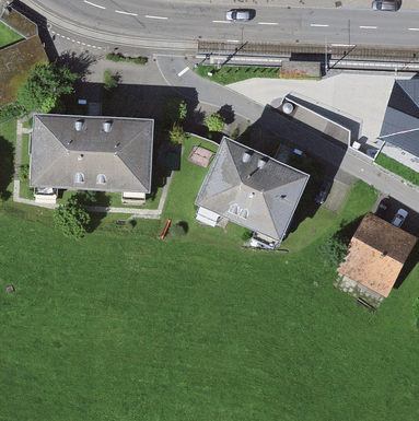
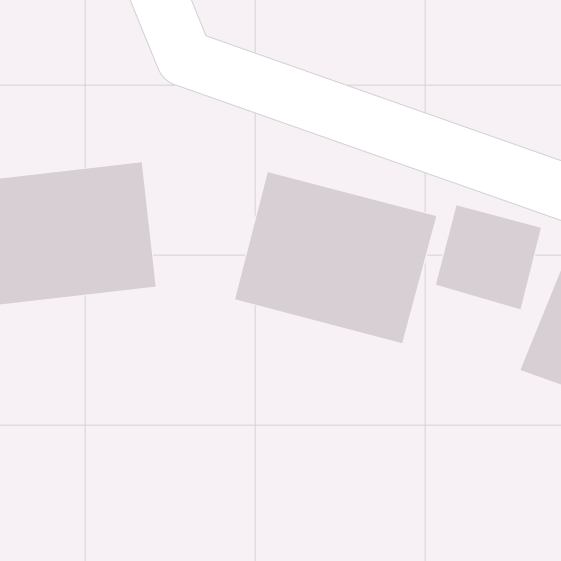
building: none -> [435,204,542,310]

